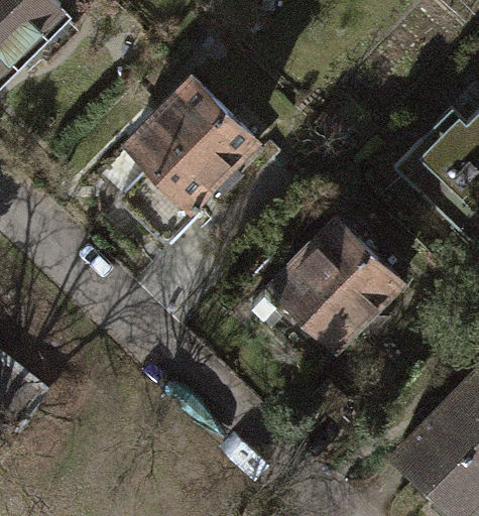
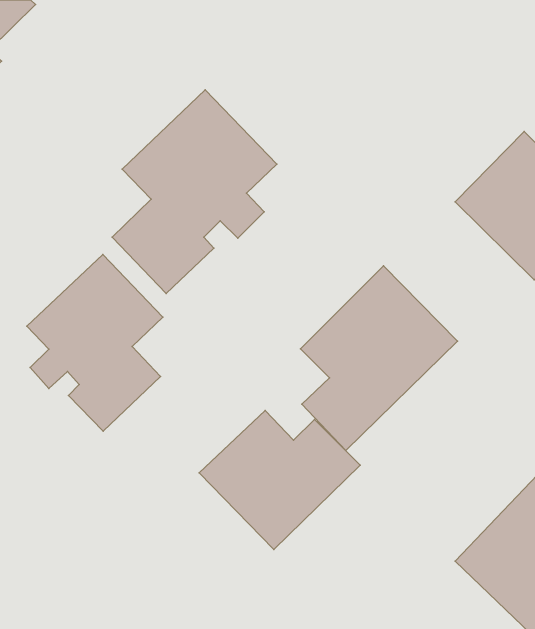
building: none -> [27,254,163,431]
building: none -> [199,410,360,550]

